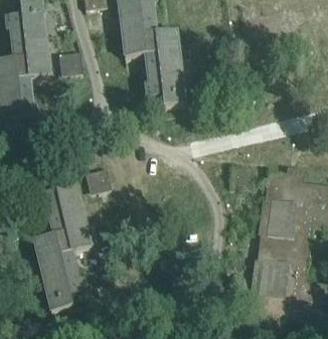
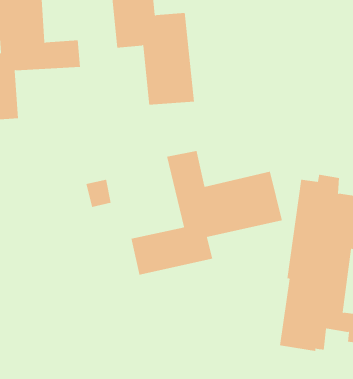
building: none -> [131,150,282,276]
building: [30,180,89,312] -> none

